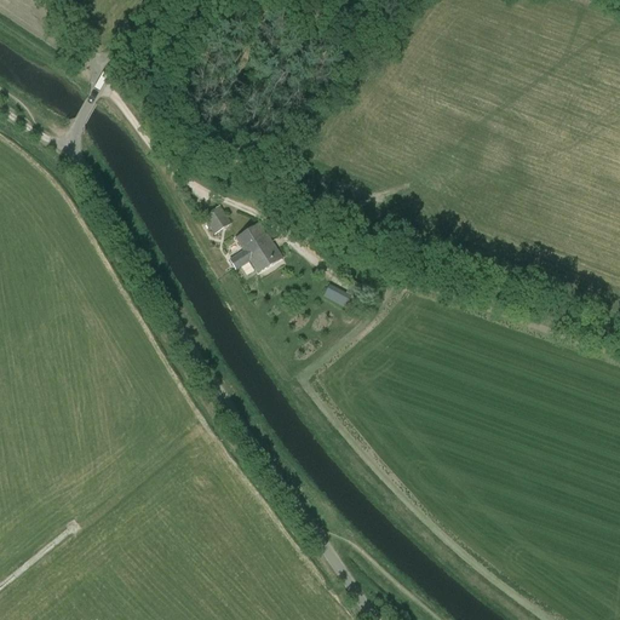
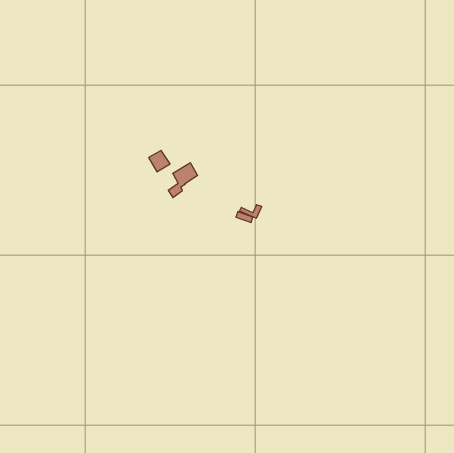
building: [246,239,281,272] -> none

